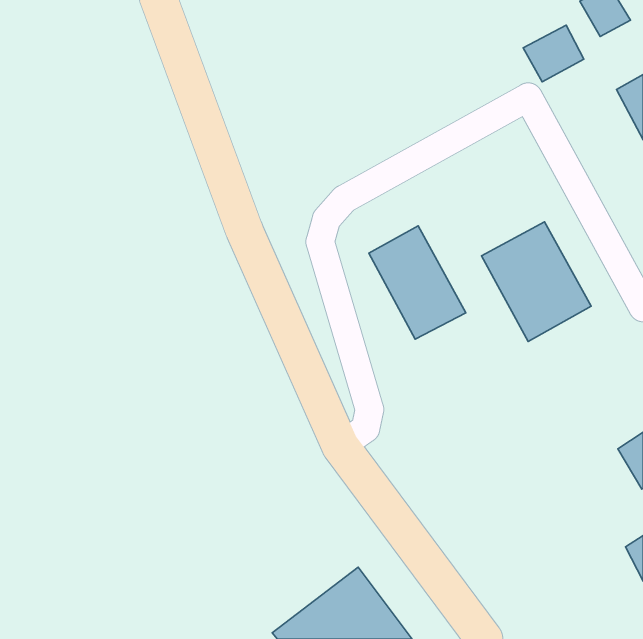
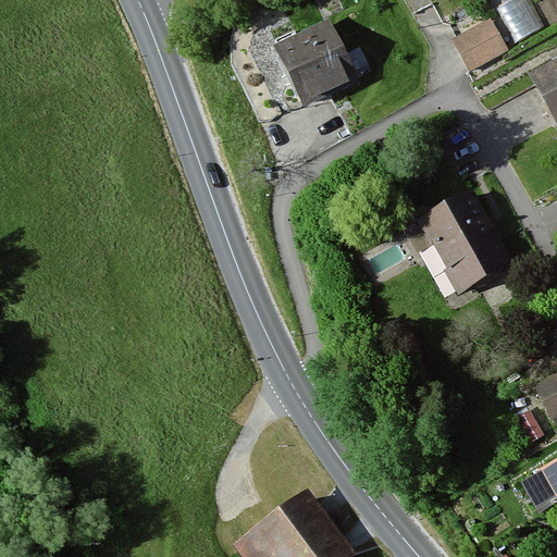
building: none -> [273,21,358,109]
building: [369,226,466,339] -> none

